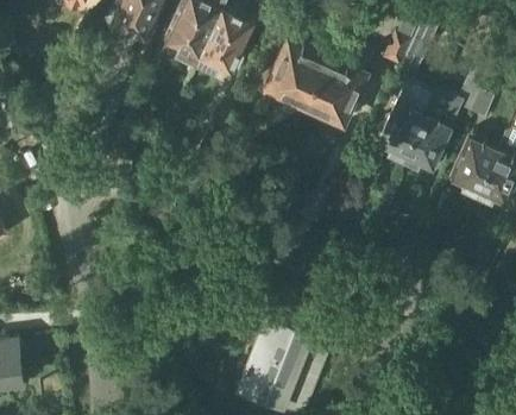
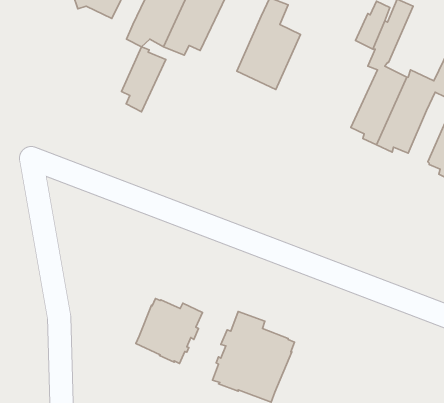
building: [304,44,375,124] -> none
building: none -> [121,47,166,112]
building: none -> [136,298,203,363]

